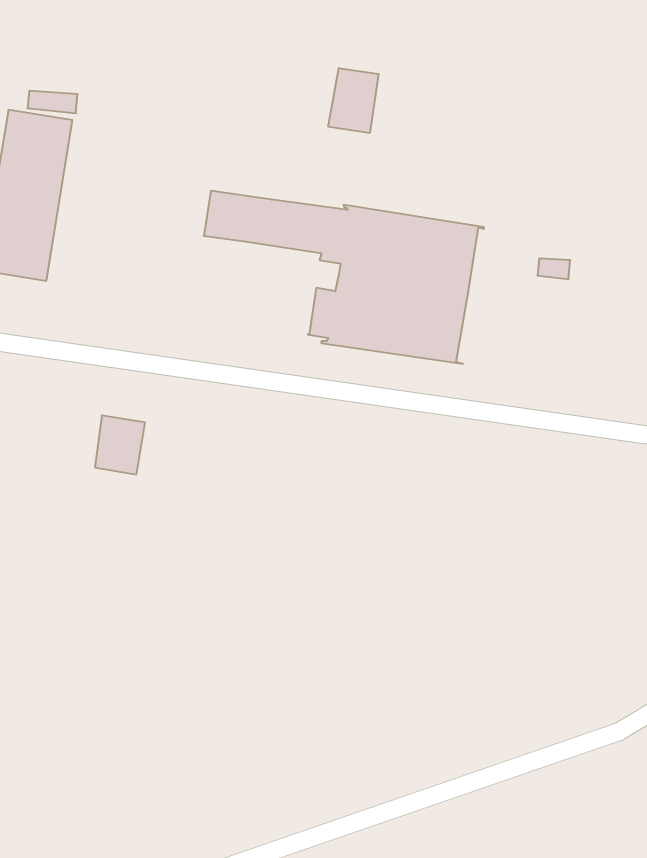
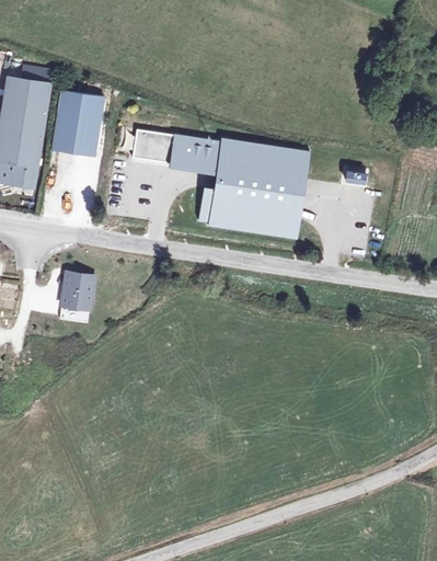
building: [328,68,379,133] -> none
building: none -> [51,90,105,157]

